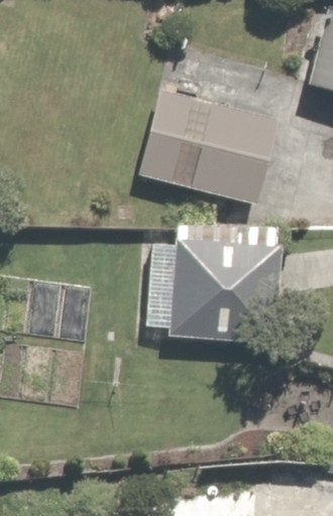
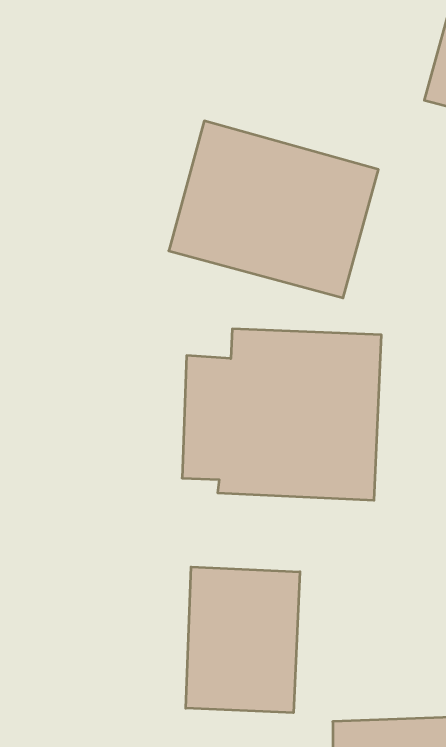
building: none -> [186,567,300,713]

